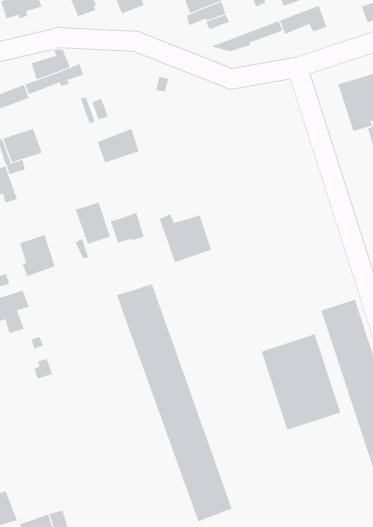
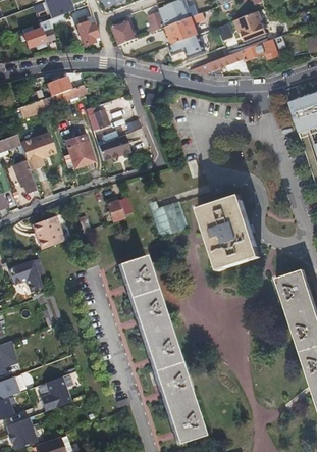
building: [75,202,111,245] -> [65,134,94,167]
building: [261,333,341,431] -> [195,193,258,269]
building: none -> [34,373,72,410]

